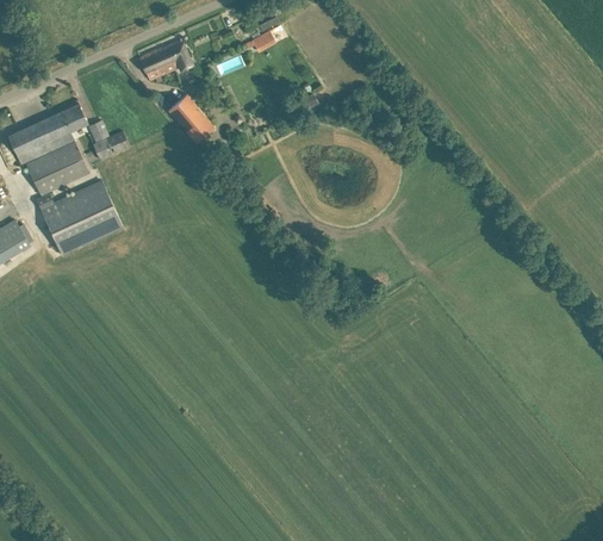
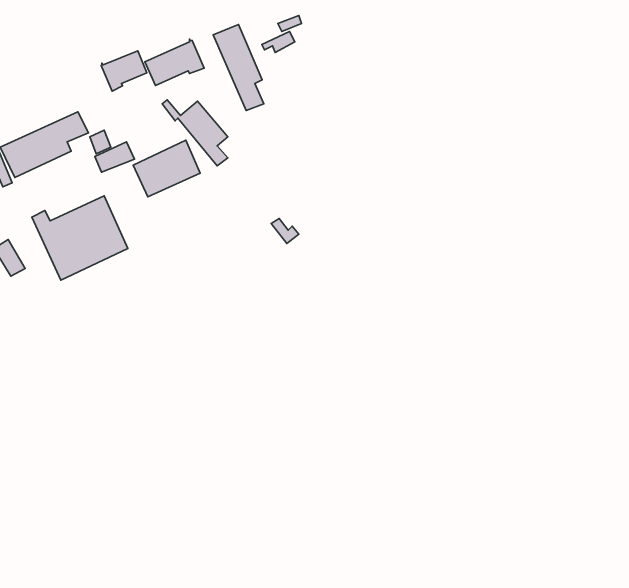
building: none -> [213,25,264,111]
building: none -> [101,51,147,91]
building: [25,142,86,193] -> [133,140,200,197]

